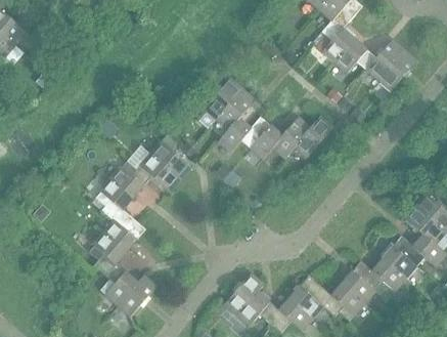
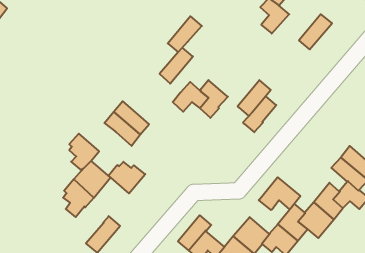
building: [334,38,376,72] -> none
building: [378,48,417,90] -> none
building: [216,87,256,129] -> [168,16,202,52]
building: [272,116,311,158] -> [243,96,276,132]
building: [109,161,152,198] -> [109,162,145,193]
building: none -> [259,177,300,210]
building: [101,262,138,305] -> none

